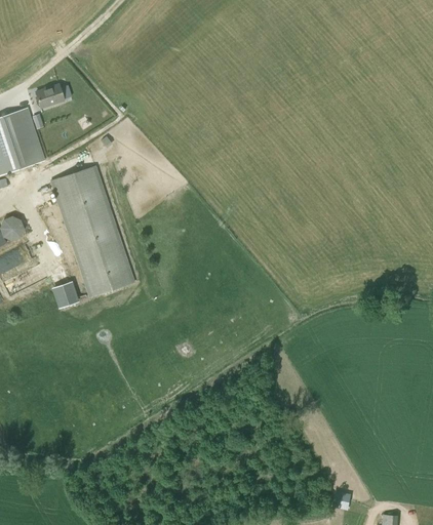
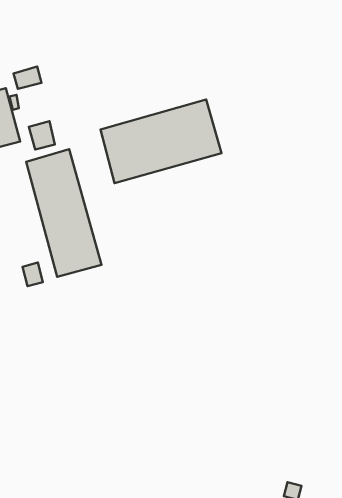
building: none -> [100,99,221,183]
building: none -> [29,121,55,150]

